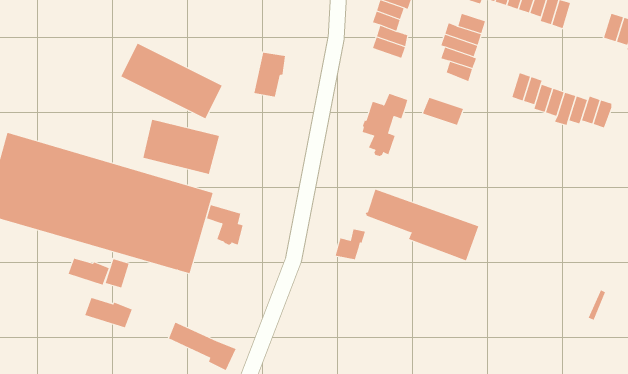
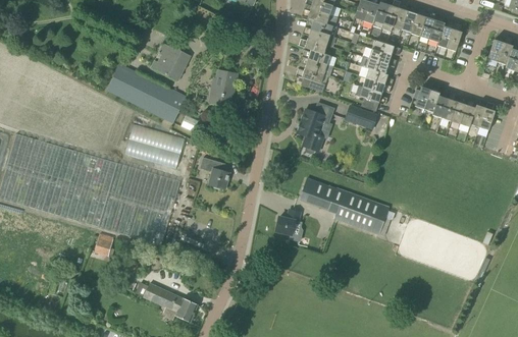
building: none -> [150,44,190,82]
building: none -> [302,67,328,92]
building: none -> [356,86,381,110]
building: [206,204,244,246] -> [200,157,229,189]
building: [68,258,110,285] -> none
building: [84,297,133,328] -> none

